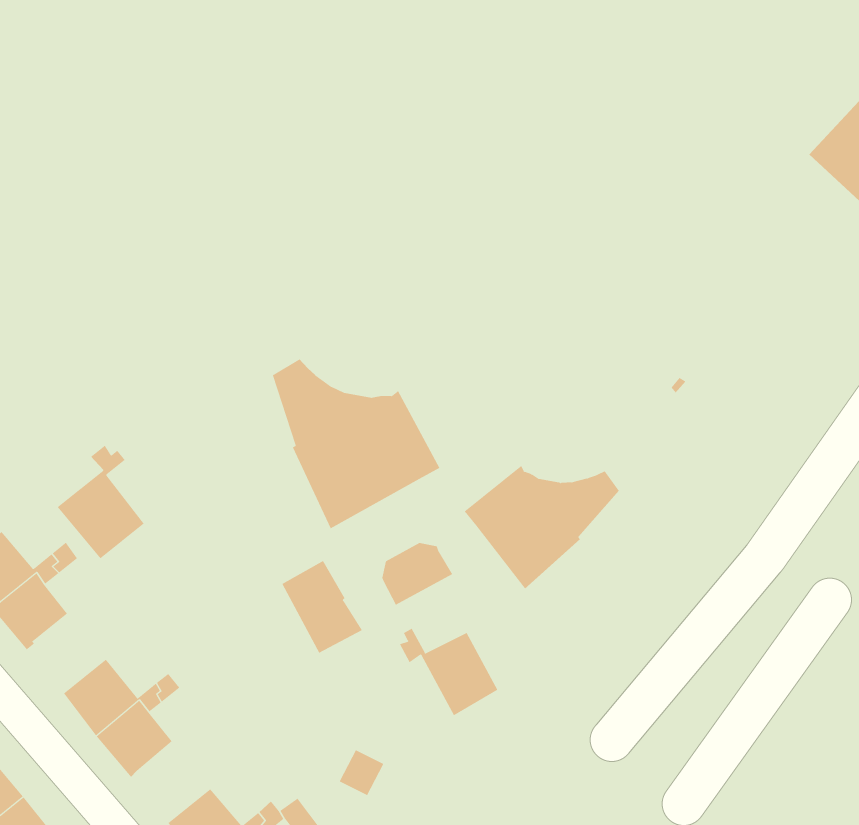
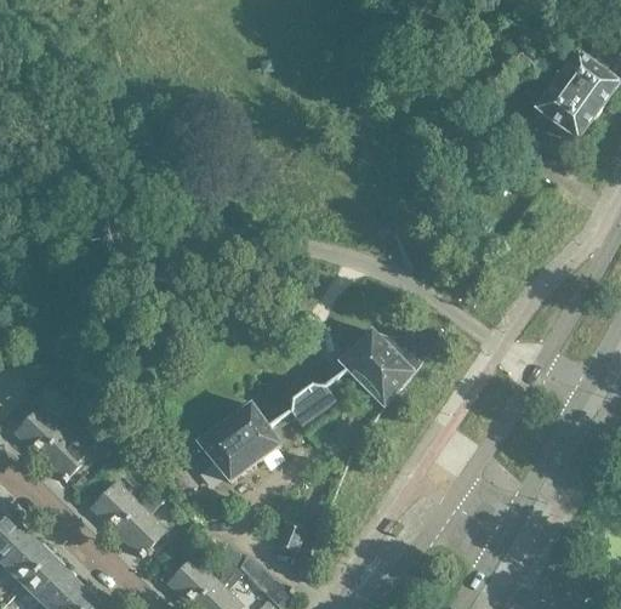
building: [272,358,440,529] -> none
building: [57,445,144,559] -> none
building: none -> [195,421,253,483]
building: [399,628,498,716] -> none

